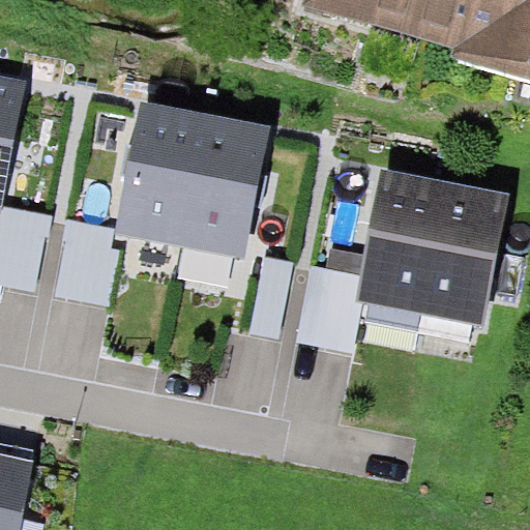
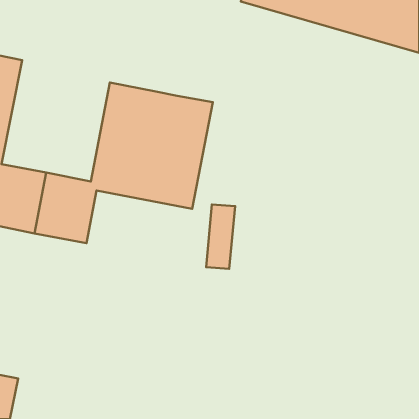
building: [295,177,507,346] -> none

